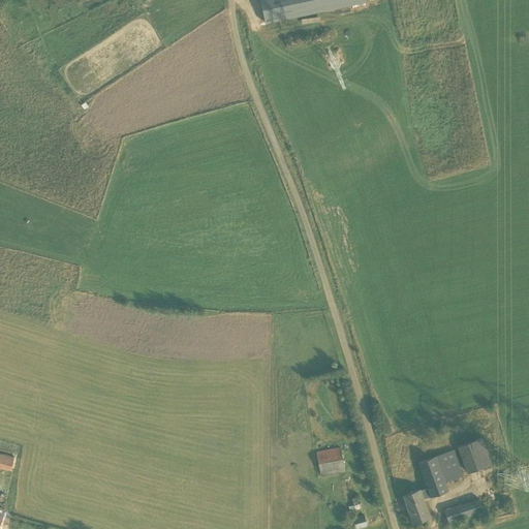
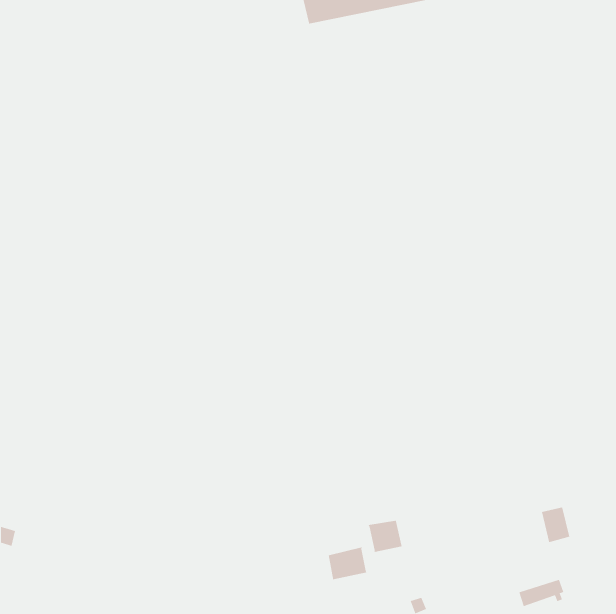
building: [404,447,463,521] -> none
building: none -> [328,547,367,580]

